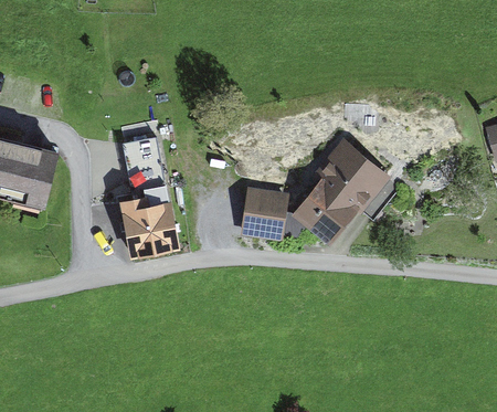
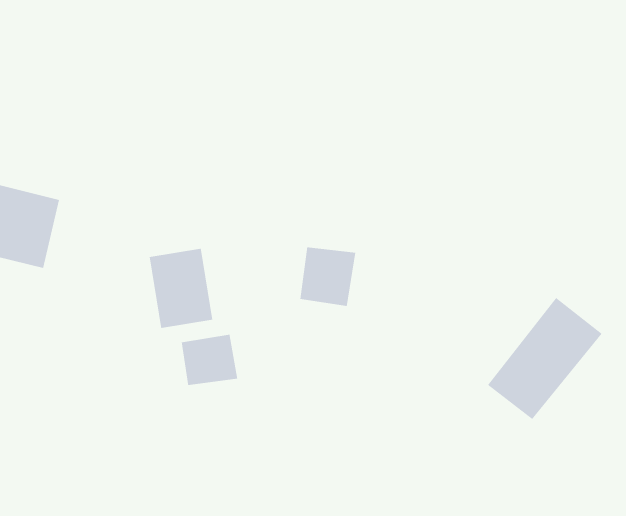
building: [297,146,384,239] -> [487,297,603,420]
building: none -> [181,334,238,386]

